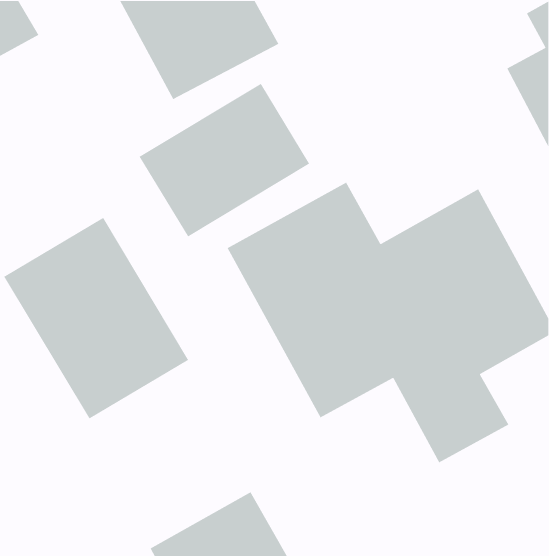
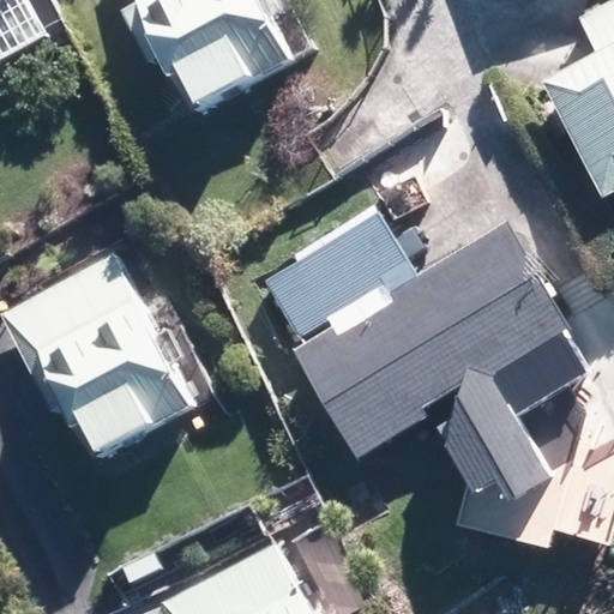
building: [139,83,310,237] -> none

